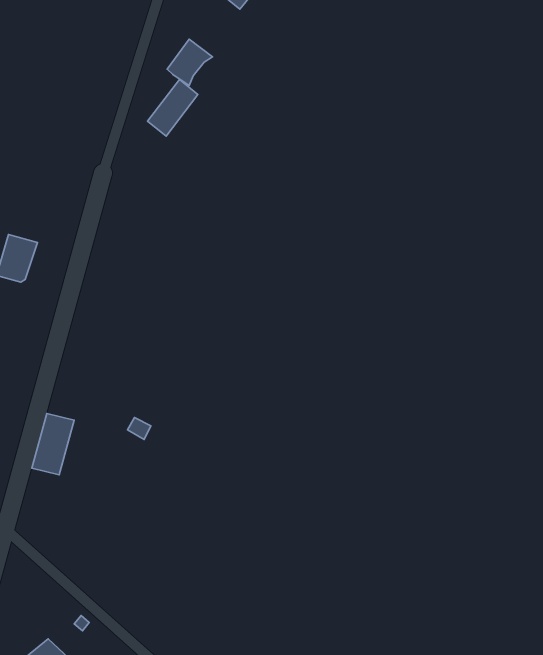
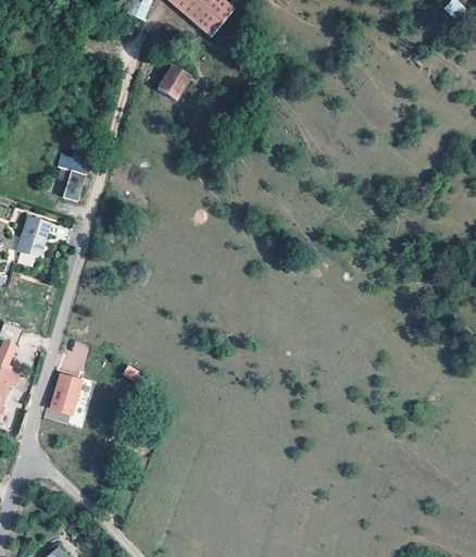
building: [148,79,198,136] -> none
building: none -> [60,152,86,199]

